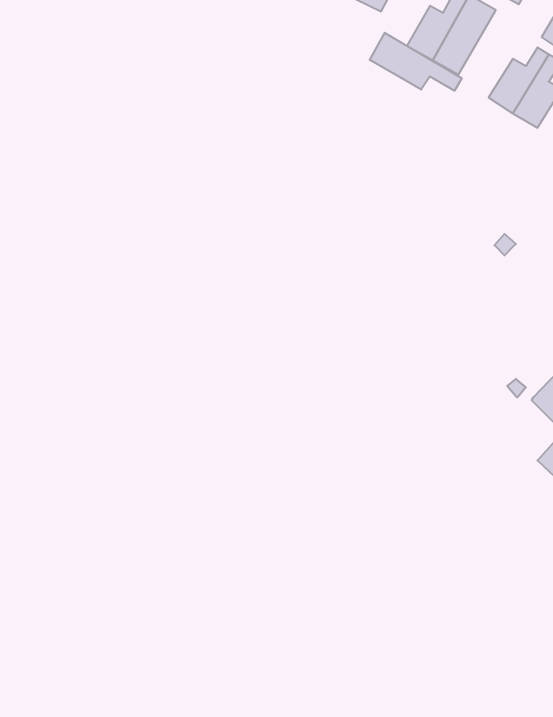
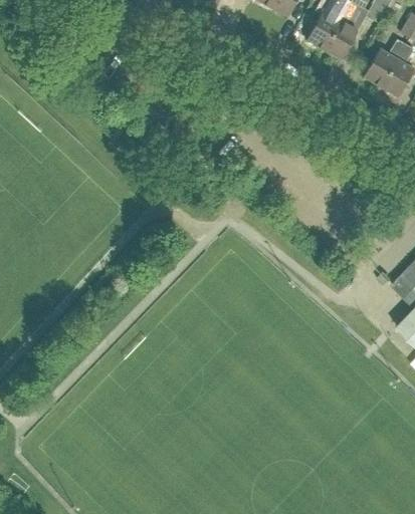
building: [370,33,462,91] -> none

